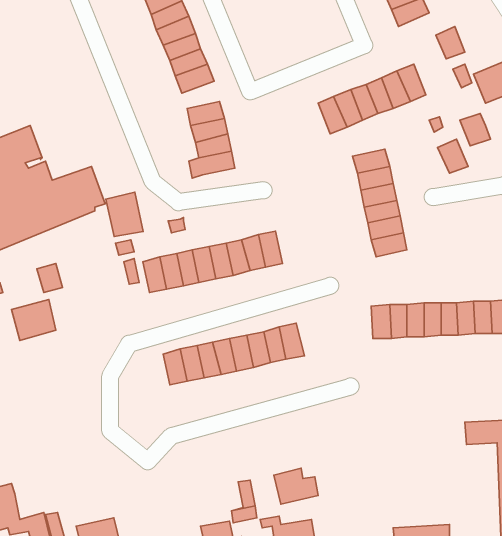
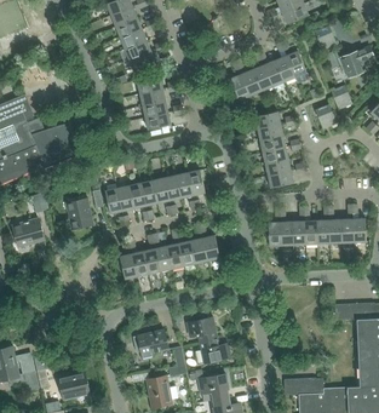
building: [106,192,143,237] -> [65,197,92,229]
building: none -> [185,317,217,343]
building: none -> [132,329,167,360]

